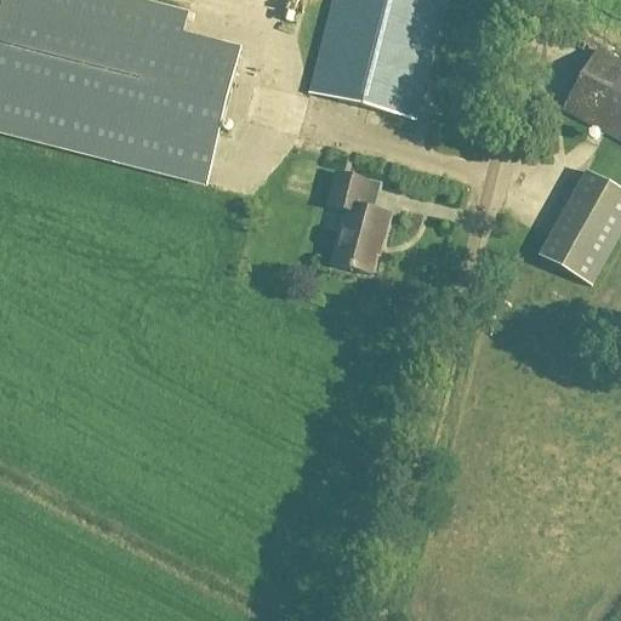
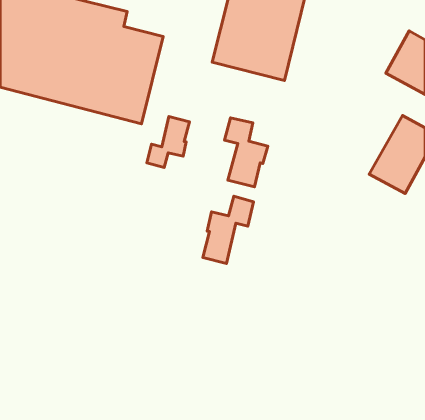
building: none -> [147,117,189,167]
building: none -> [203,196,254,263]

